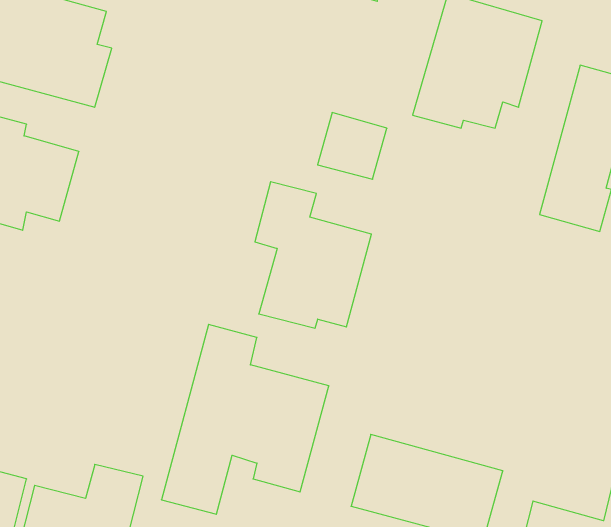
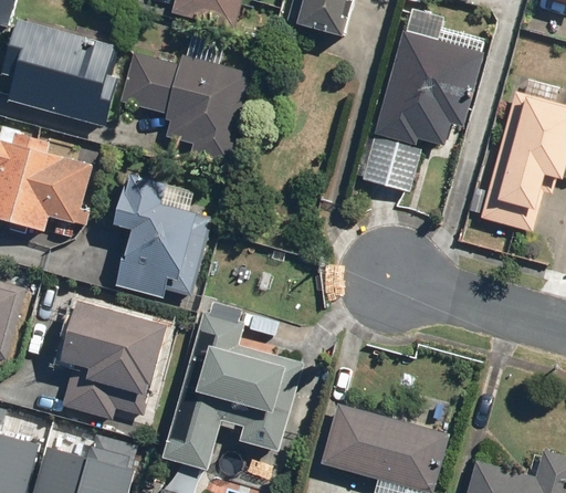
building: none -> [118,52,252,164]
building: [318,113,387,179] -> [363,136,421,192]
building: [255,182,371,328] -> [113,174,211,297]
building: none -> [64,306,168,411]

